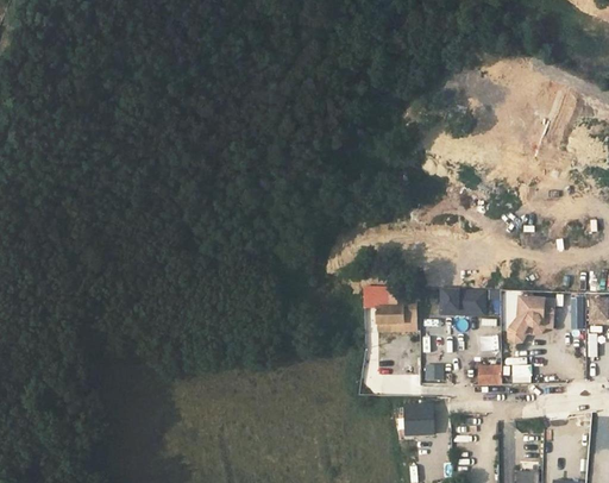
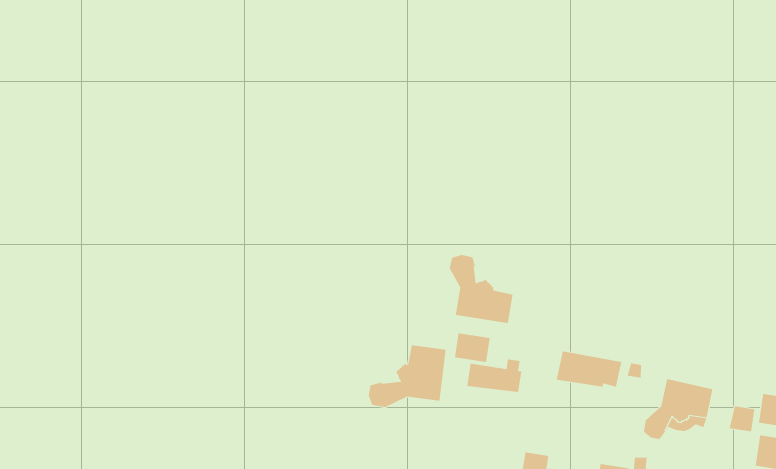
building: none -> [449,254,513,324]
building: none -> [368,345,446,408]

